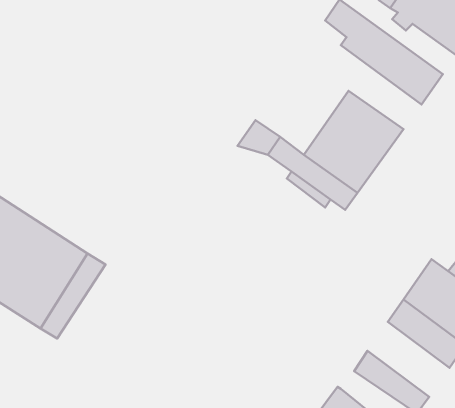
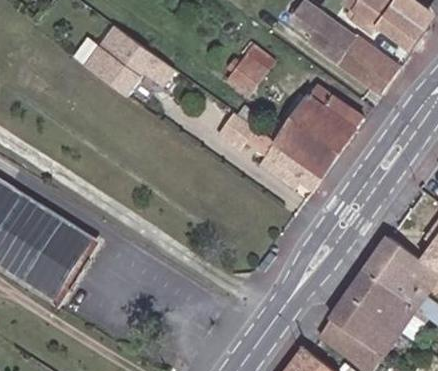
building: none -> [81,24,171,94]
building: none -> [226,43,276,96]
building: none -> [330,290,403,357]

